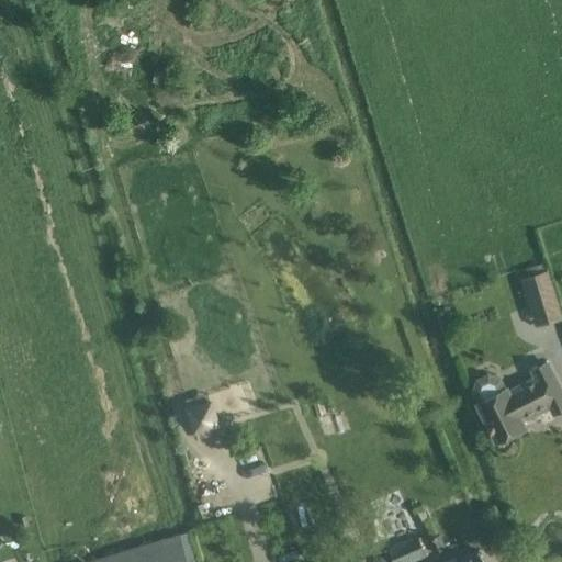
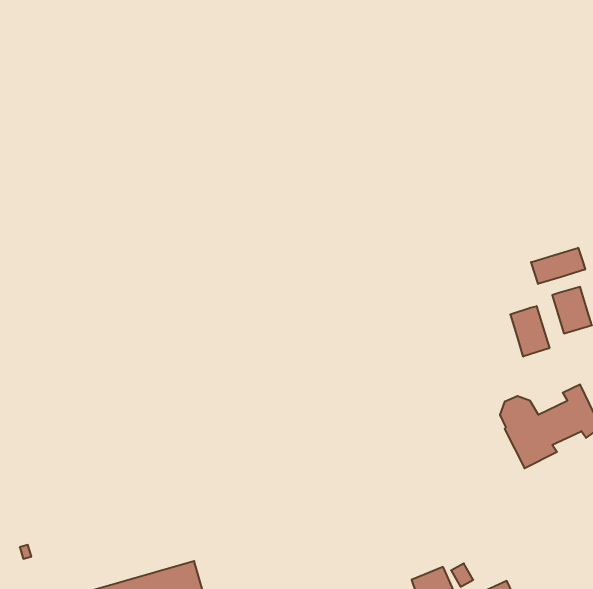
building: none -> [531,248,585,284]
building: none -> [510,306,549,357]

